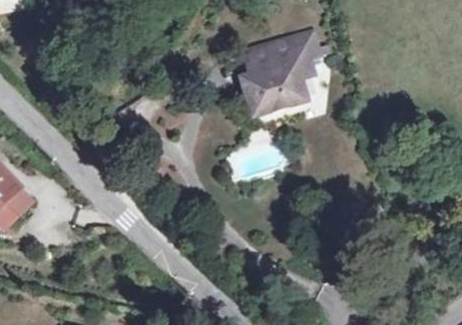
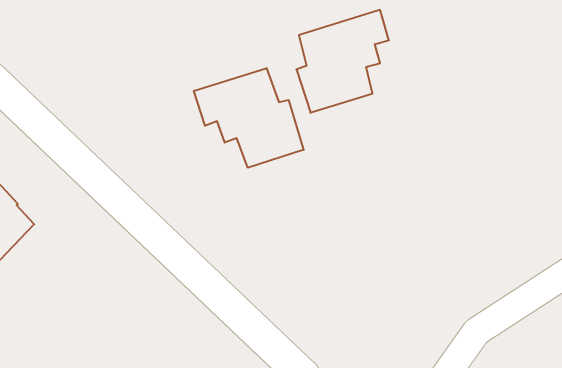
building: none -> [194,68,304,168]

